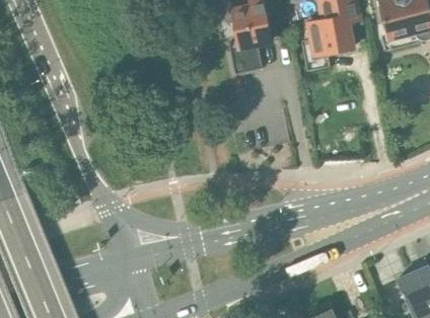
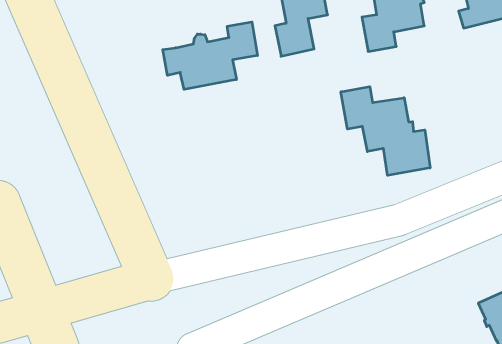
building: none -> [163,22,257,89]
building: none -> [341,87,430,175]

